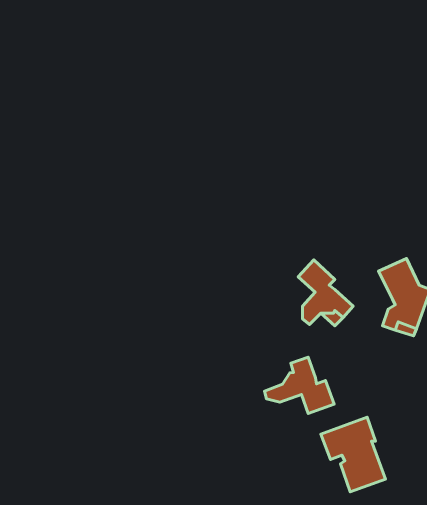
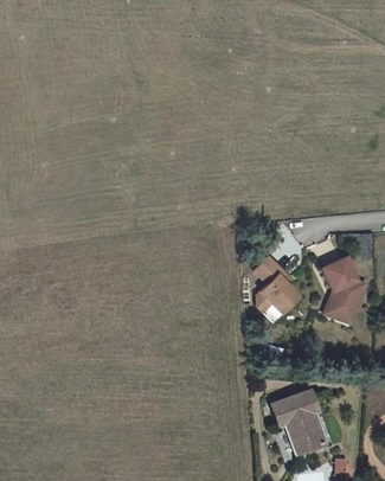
building: [265,357,334,413] -> none

